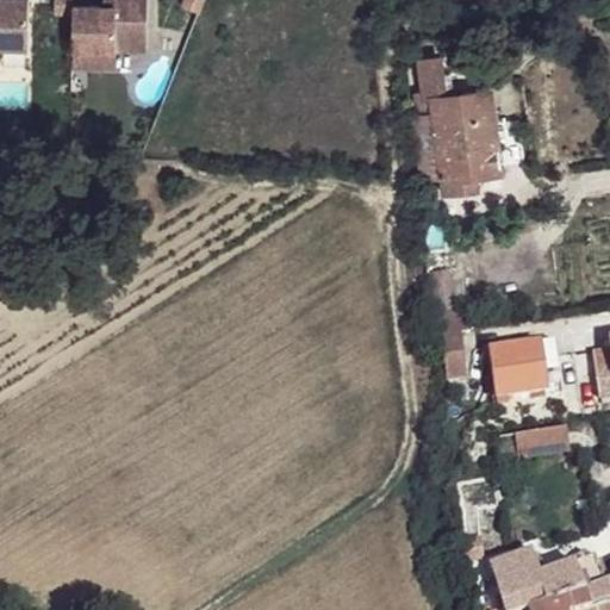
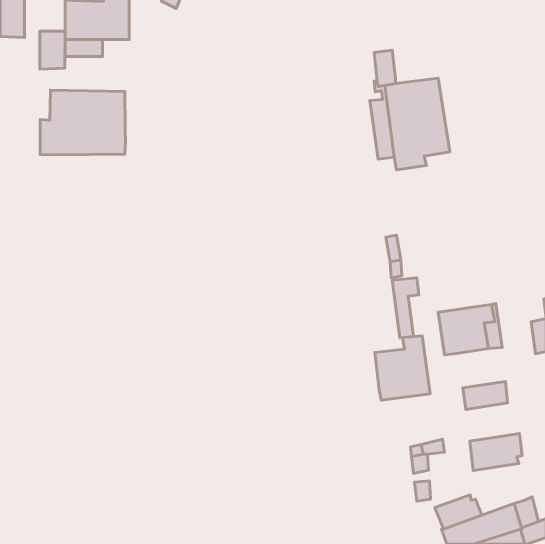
building: none -> [40,31,65,69]
building: none -> [40,90,126,155]
building: none -> [375,336,430,400]
building: none -> [470,434,522,470]

